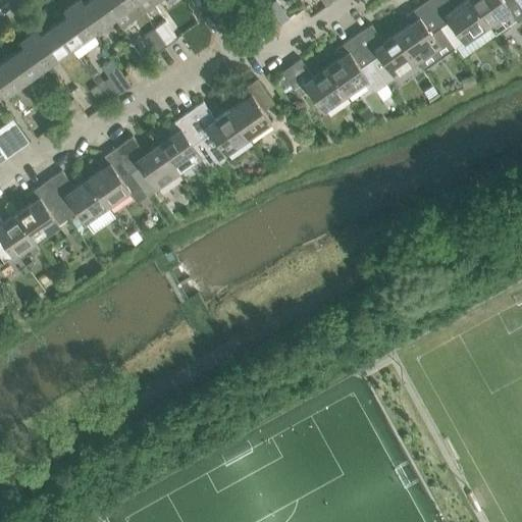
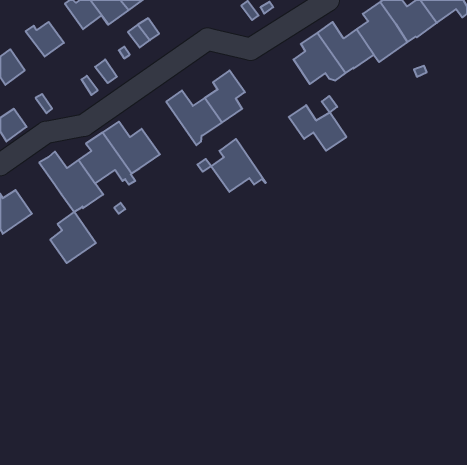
building: [54,6,93,50] -> none
building: [11,37,50,81] -> none
building: [281,60,346,111] -> [289,105,346,151]
building: [158,115,219,174] -> [211,139,266,192]
building: [17,184,68,241] -> [50,212,96,263]

